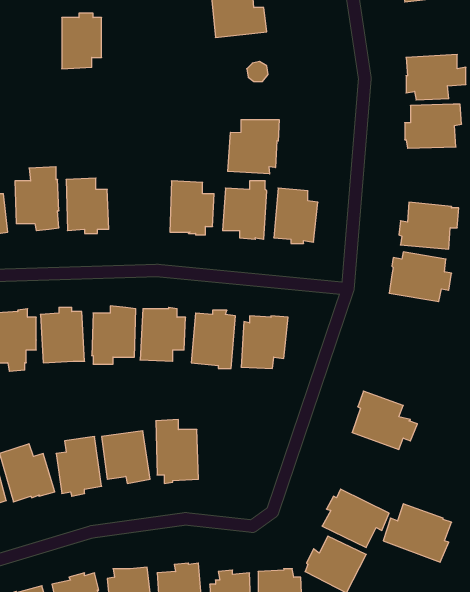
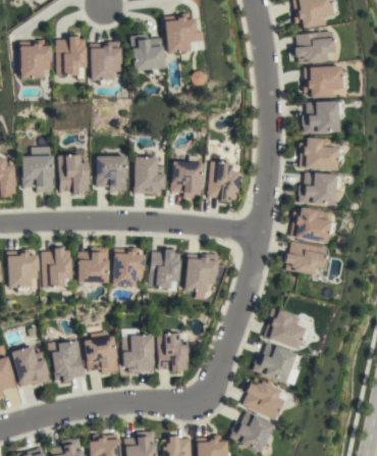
building: none -> [293,31,333,63]
building: none -> [129,34,162,74]
building: none -> [20,40,51,78]
building: none -> [89,41,119,85]
building: [228,120,279,174] -> none
building: none -> [299,138,342,169]
building: none -> [96,155,127,191]
building: none -> [284,241,326,274]
building: none -> [158,333,188,372]
building: [383,504,452,562] -> [253,343,302,385]

